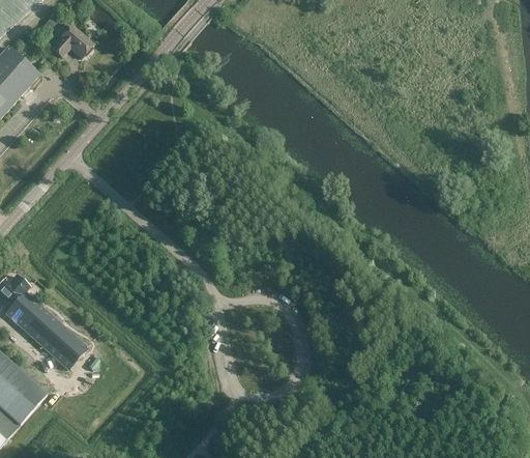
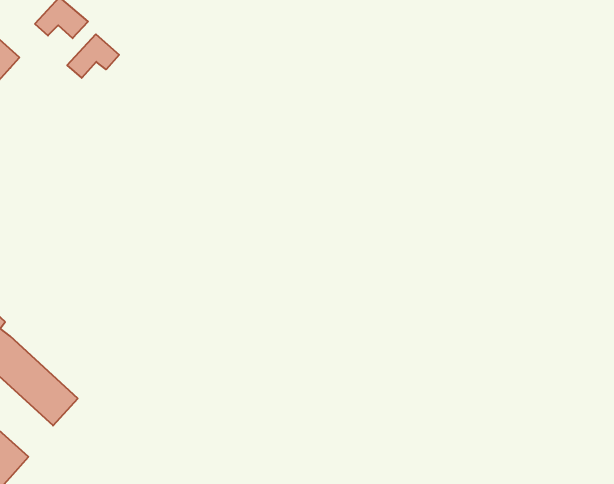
building: none -> [67,34,119,78]

